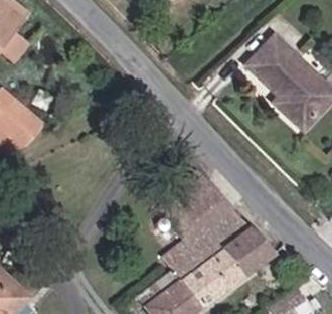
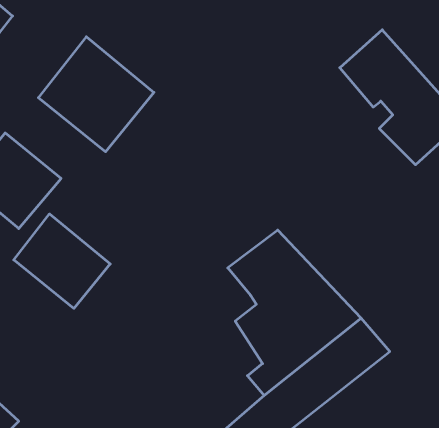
building: none -> [38,37,154,152]
building: none -> [14,214,110,308]

